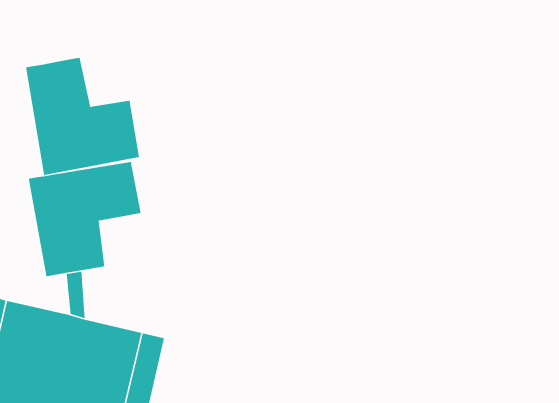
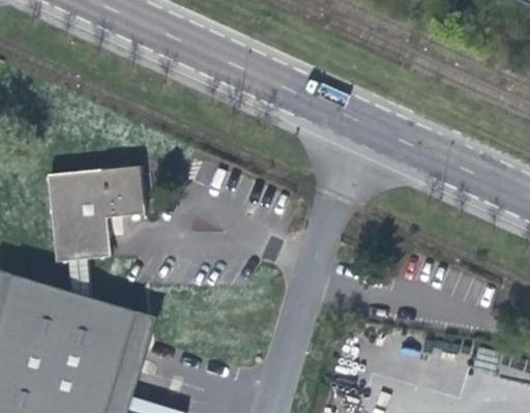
building: [25,57,140,176] -> none

